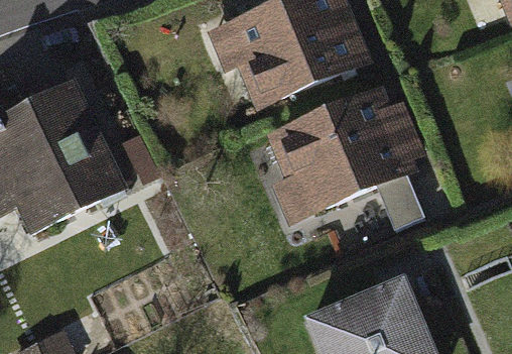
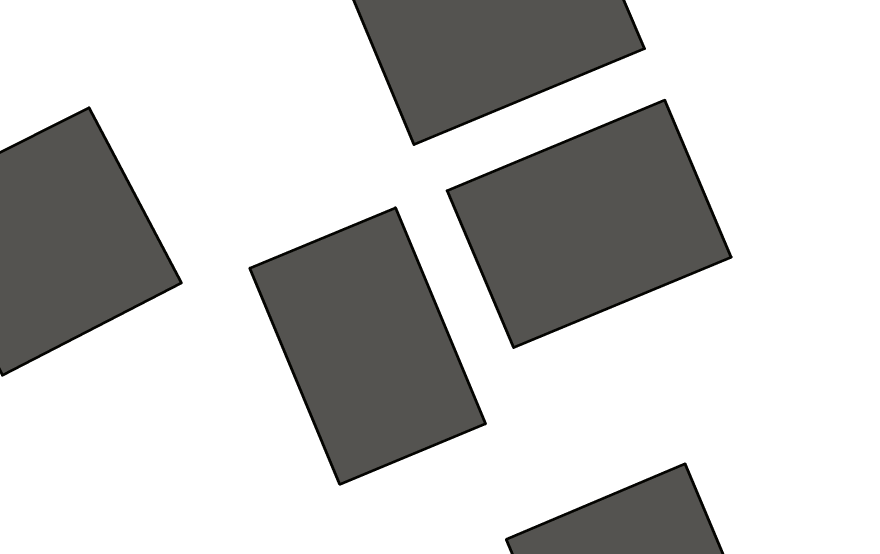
building: none -> [250,208,485,484]

